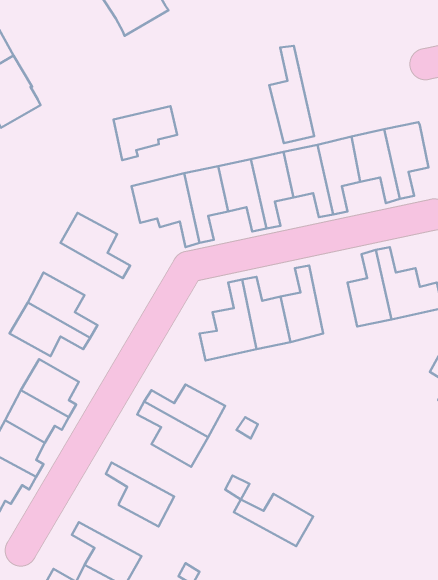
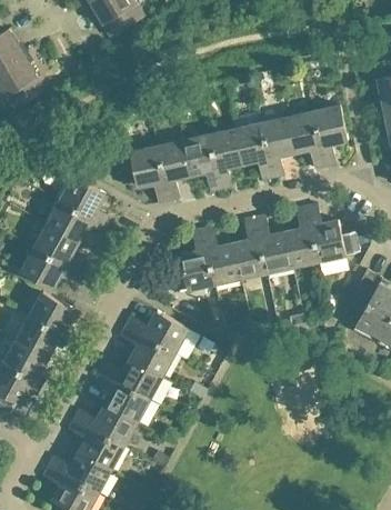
building: [269,46,314,143] -> none
building: [114,106,177,160] -> none
building: none -> [47,200,109,241]
building: none -> [254,216,292,271]
building: [234,494,313,546] -> [100,358,162,399]
building: none -> [74,406,137,446]

